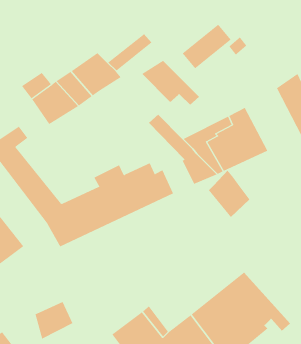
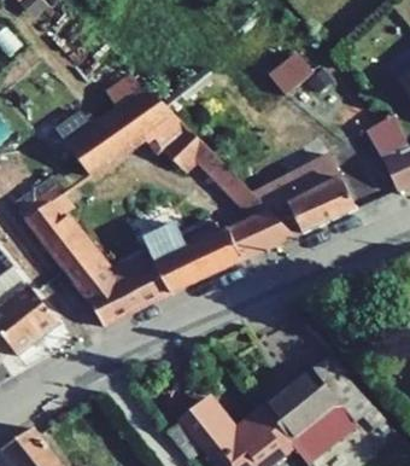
building: [141,60,200,106] -> [152,120,223,175]
building: [208,170,250,218] -> none
building: [35,301,73,339] -> none

